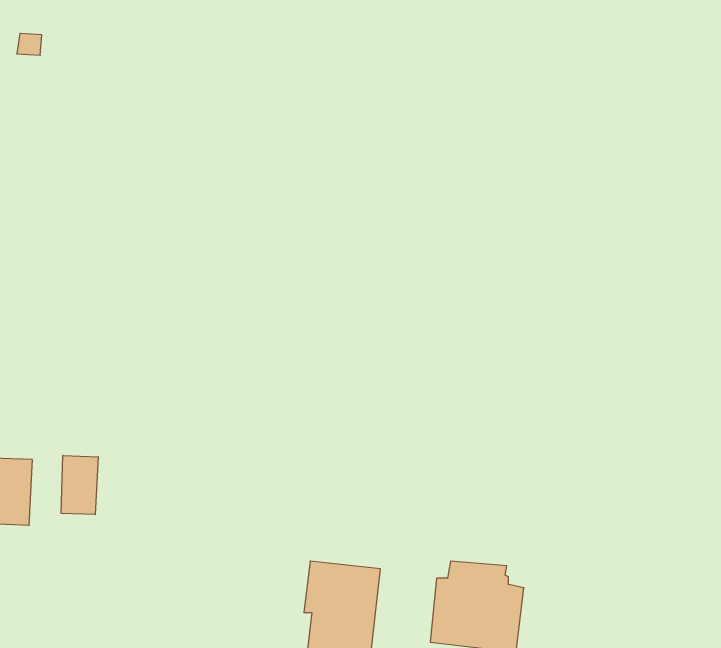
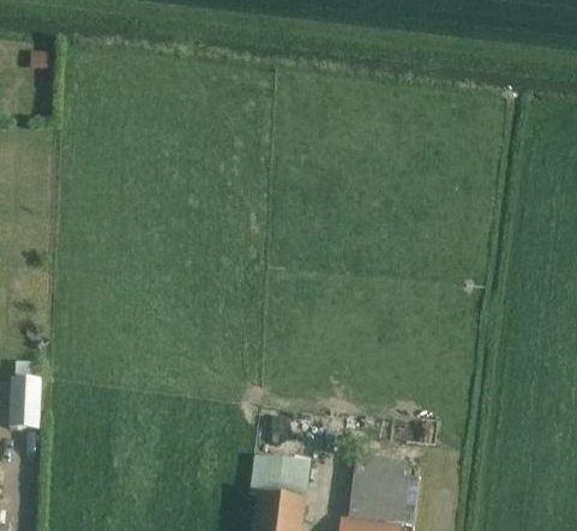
building: [61,455,98,515] -> none

